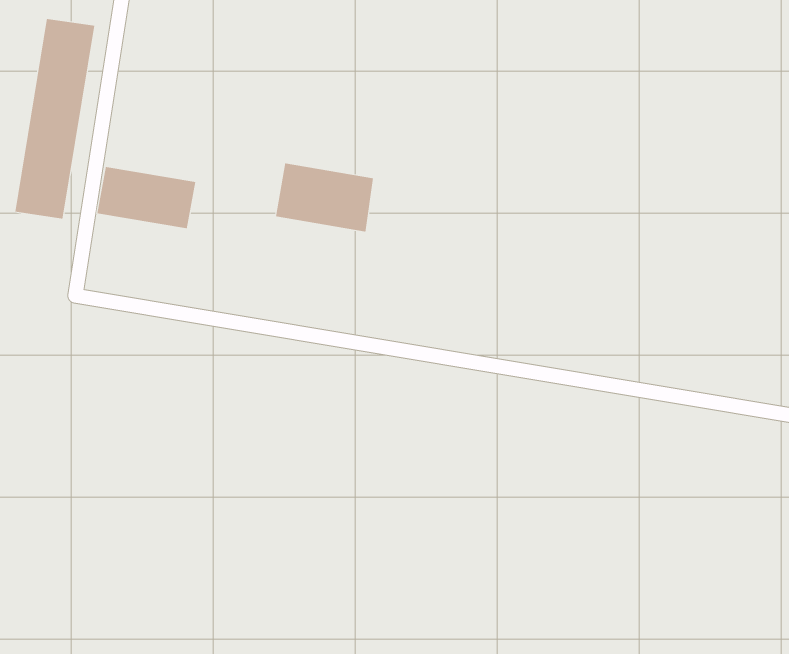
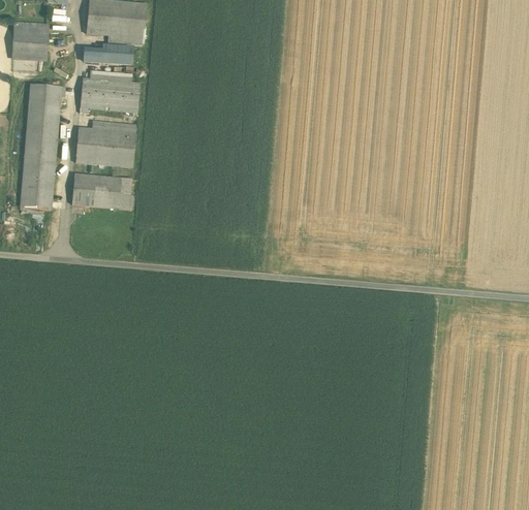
building: none -> [80,76,141,111]
building: [275,163,374,232] -> [75,126,135,165]

